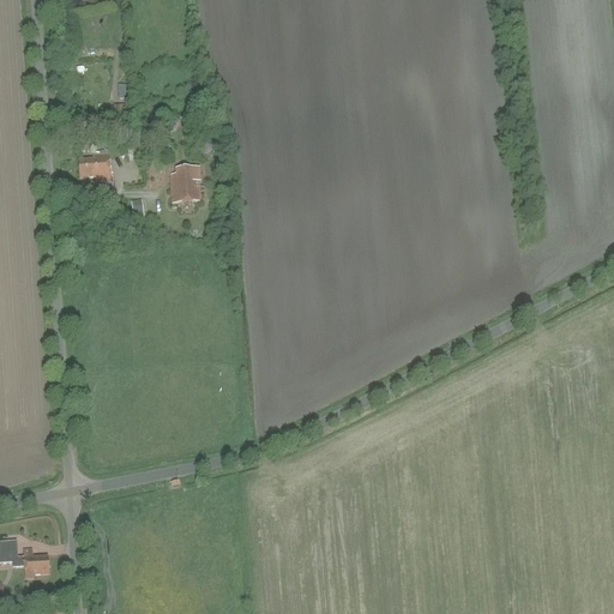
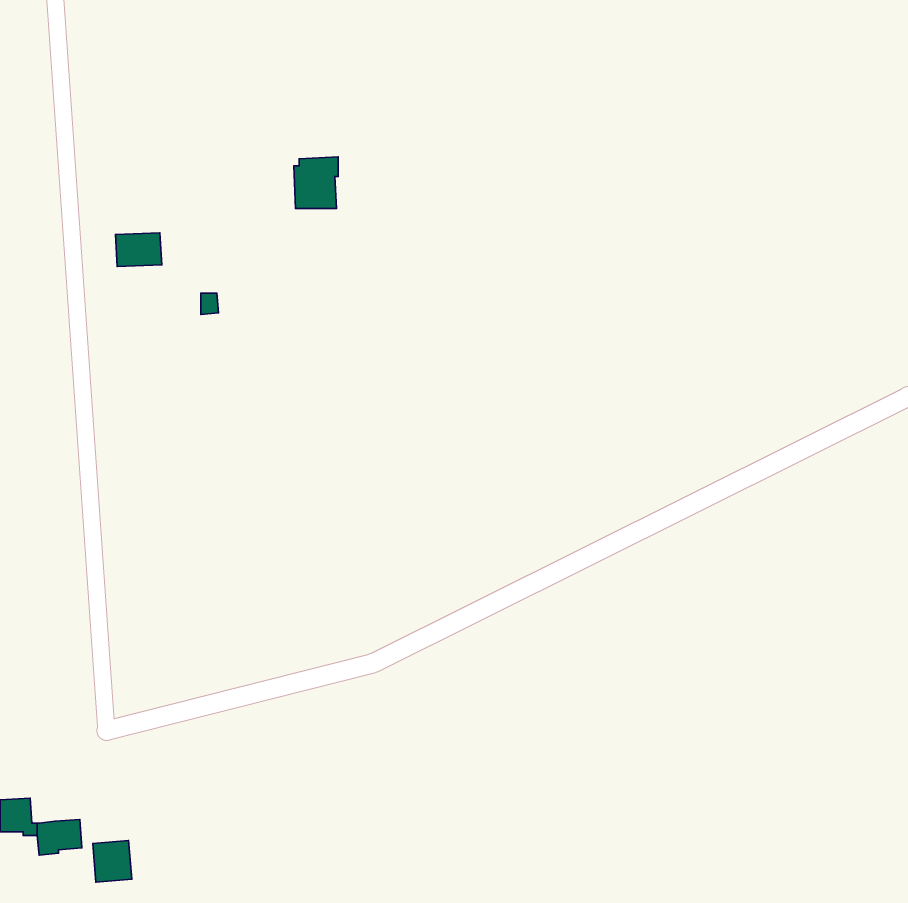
building: [169,165,199,200] -> [294,157,338,208]
building: none -> [93,840,132,882]

